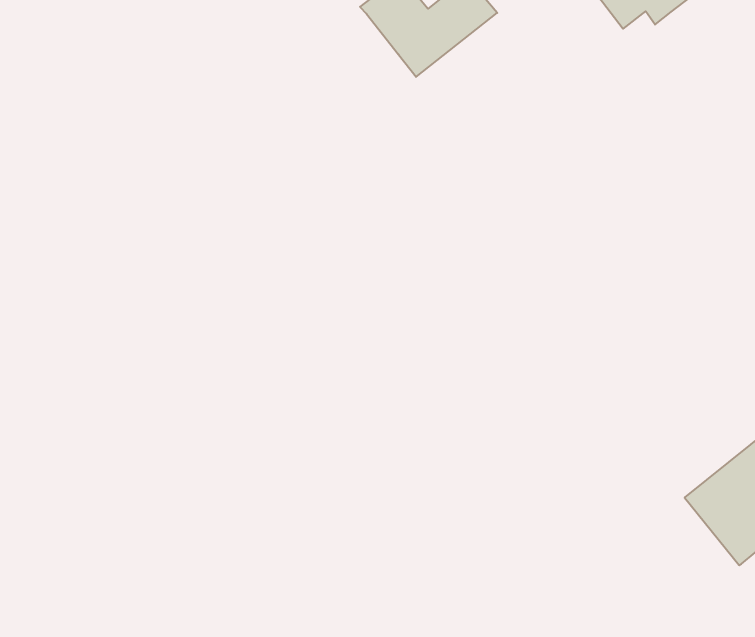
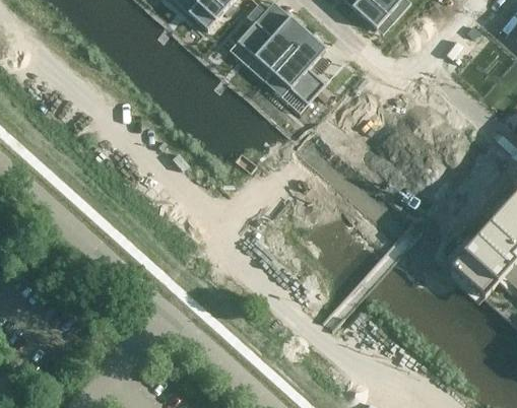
building: none -> [271,31,325,104]

